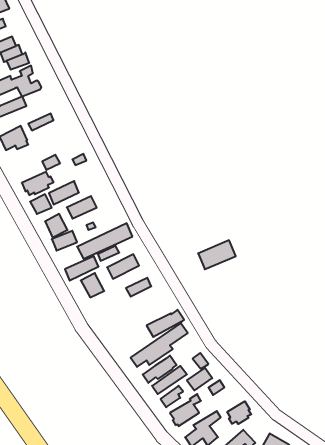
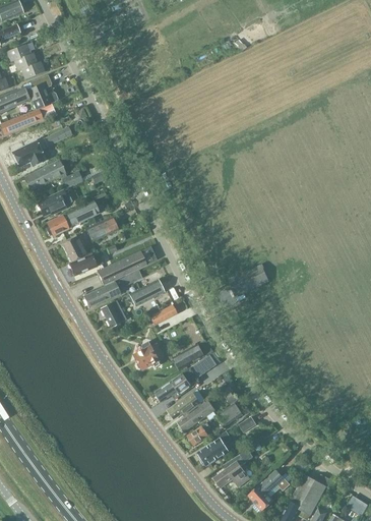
building: none -> [23,159,65,189]
building: none -> [134,340,161,368]
building: [227,401,251,424] -> none

